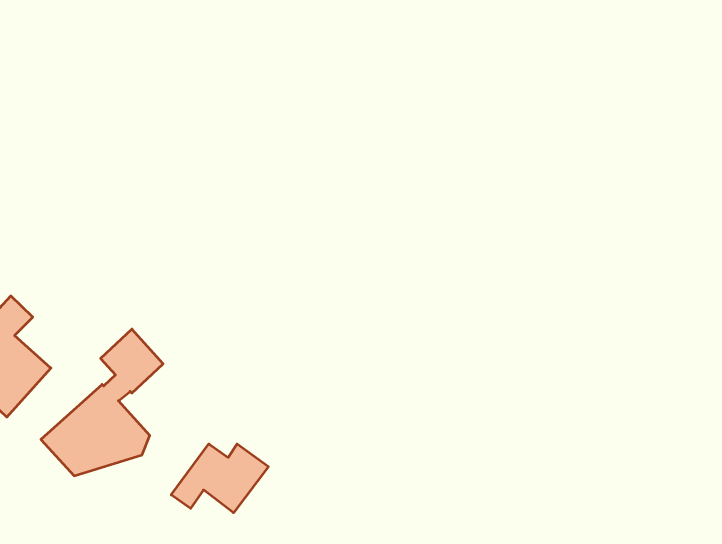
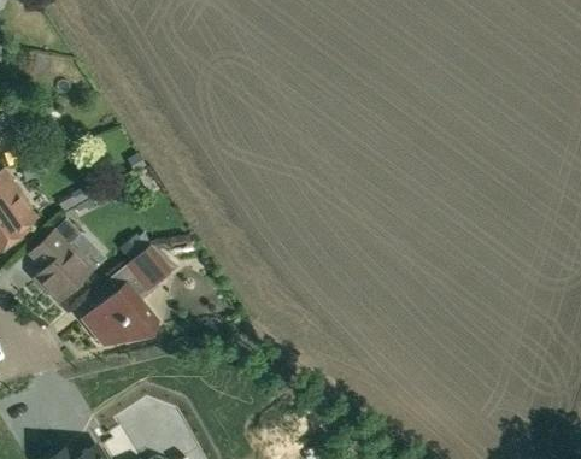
building: [171,444,268,513] -> none

